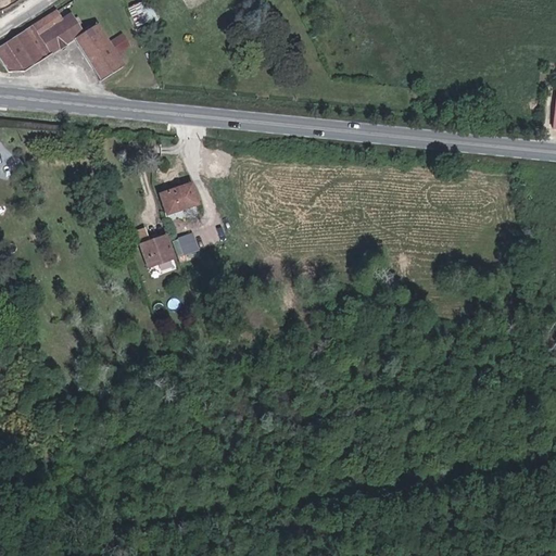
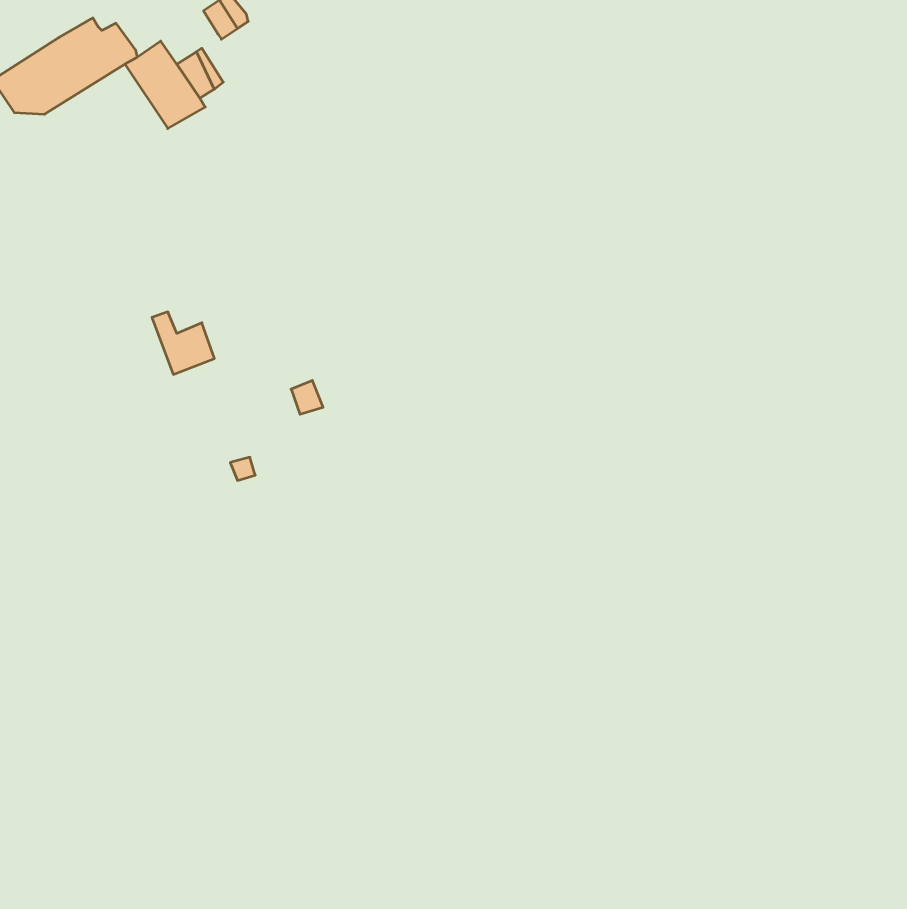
building: [161,184,195,214] -> none
building: [135,229,173,267] -> [152,312,214,374]

